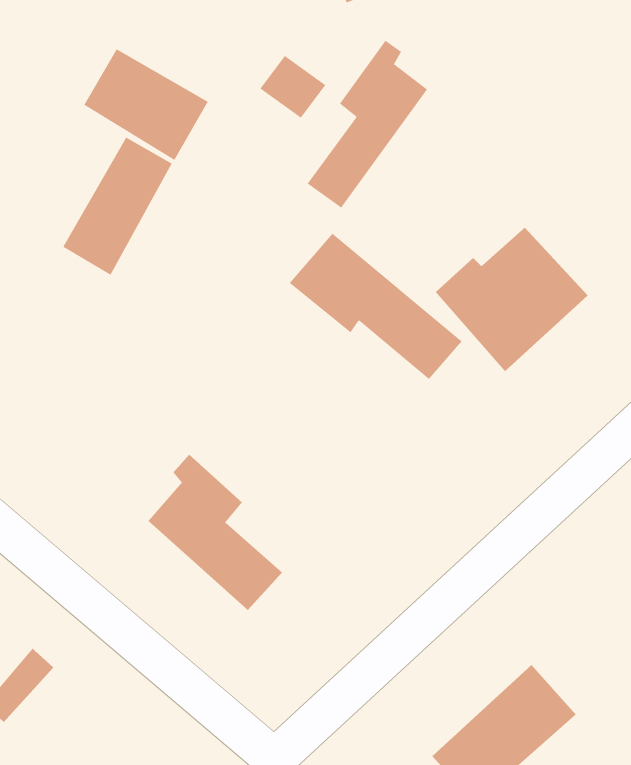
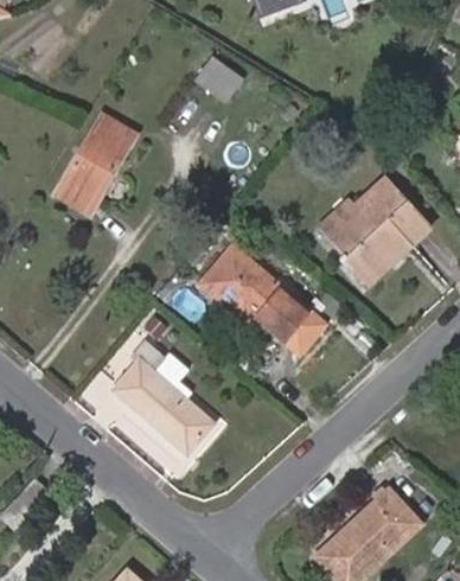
building: [307,40,428,209] -> none
building: [84,48,208,161] -> none
building: [289,233,463,380] -> [202,247,325,351]

